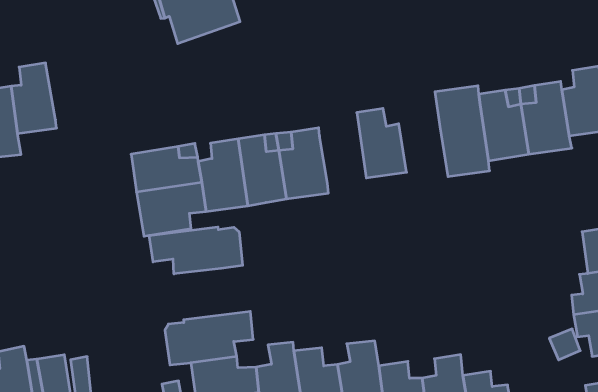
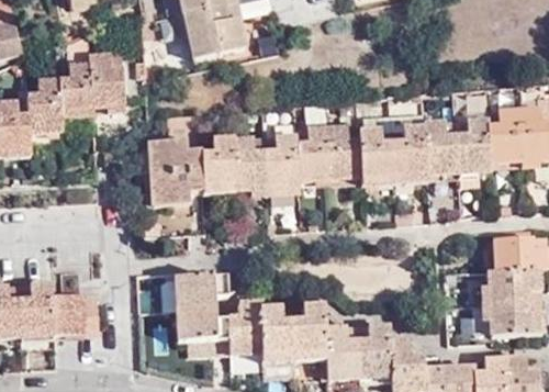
building: none -> [90,55,125,113]
building: none -> [360,116,394,184]
building: none -> [298,126,330,179]
building: [149,227,243,274] -> none

